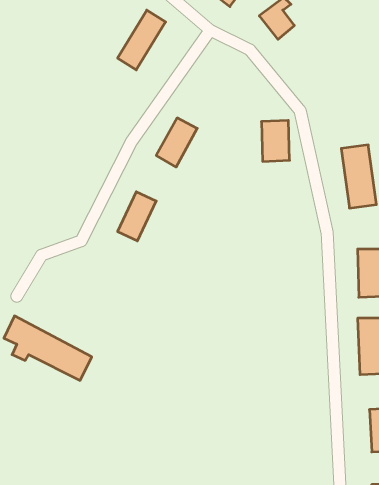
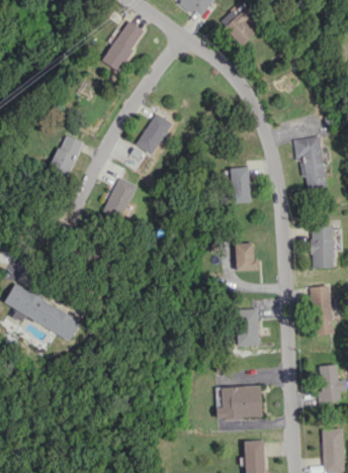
building: [261,120,290,161] -> [227,168,251,203]
building: none -> [53,134,83,173]
building: none -> [236,243,259,271]
building: none -> [239,308,260,346]
building: none -> [218,385,263,418]

